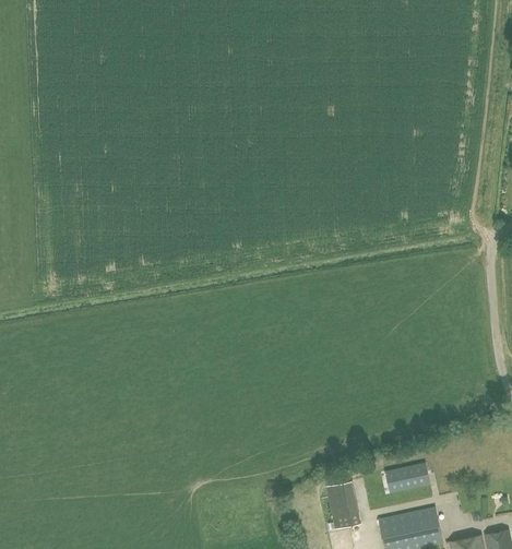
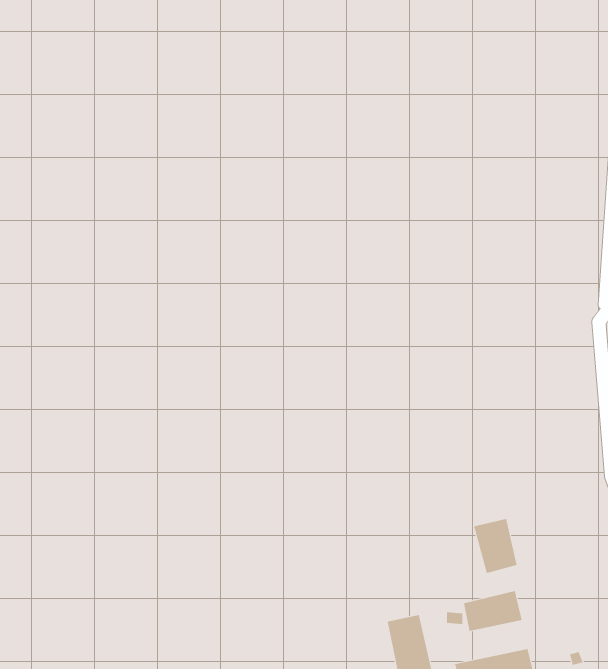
building: none -> [474,518,517,574]

